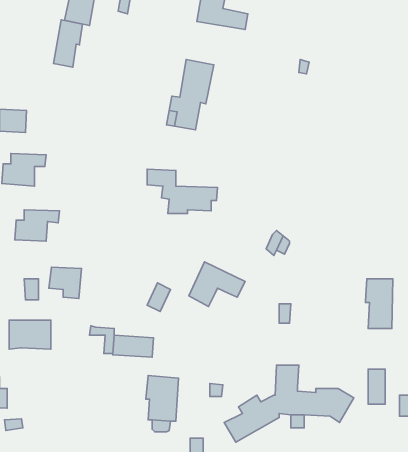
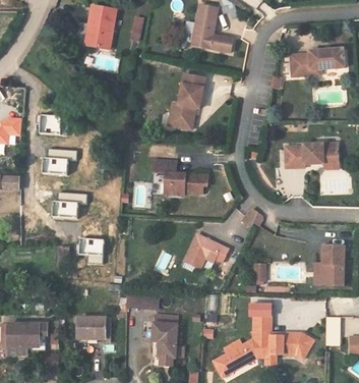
building: [54,20,82,67] -> none
building: none -> [289,48,343,75]
building: none -> [285,143,338,167]
building: [9,320,51,349] -> [77,317,110,339]

